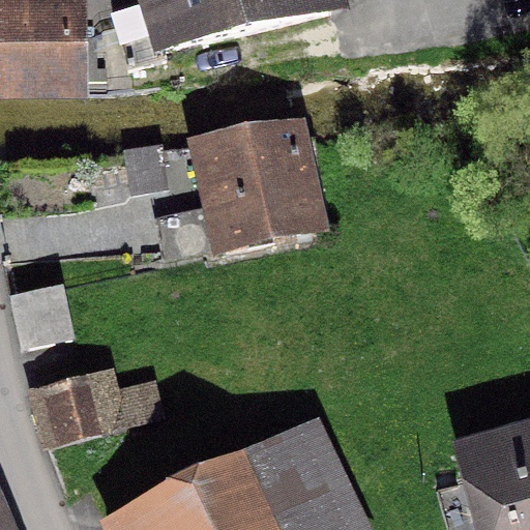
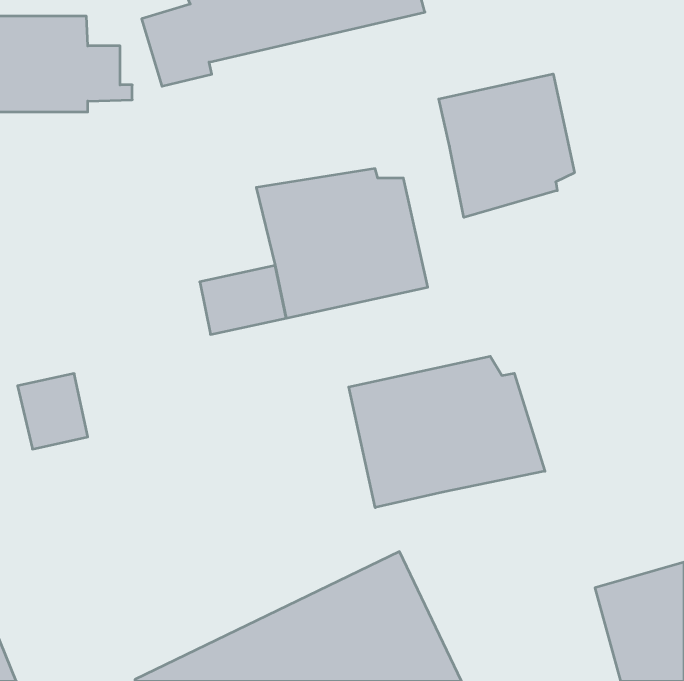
building: none -> [439,74,574,217]
building: none -> [349,356,545,508]
building: [28,369,156,435] -> none

